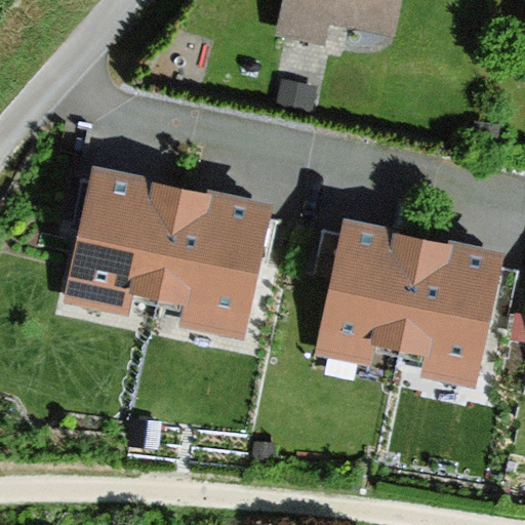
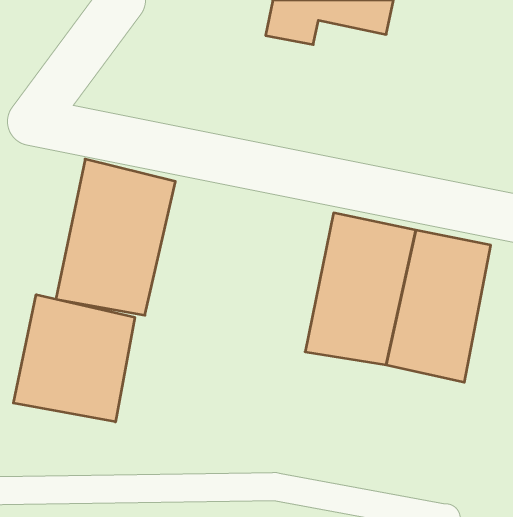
building: [152,185,272,340] -> none
building: none -> [13,295,135,422]

